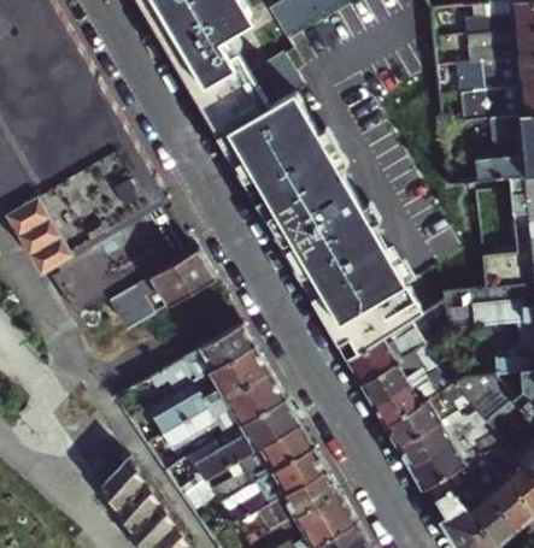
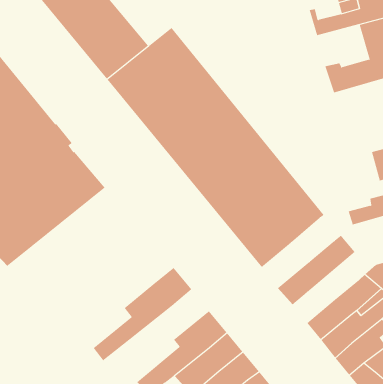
building: [108,249,215,330] -> none
building: [348,304,452,387] -> none
building: [137,325,256,397] -> none
building: [375,361,457,429] -> none
building: [164,373,286,450] -> none

